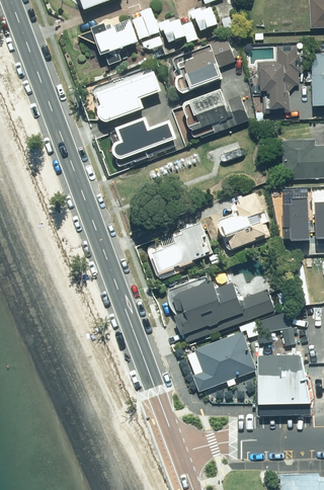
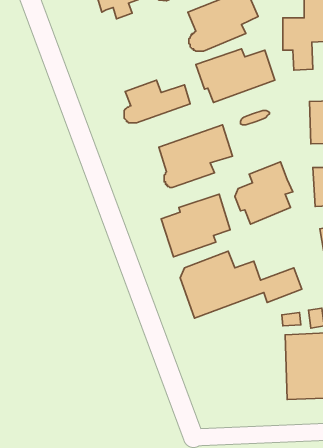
building: [91,66,158,122] -> [159,125,232,187]
building: [191,332,255,390] -> none

